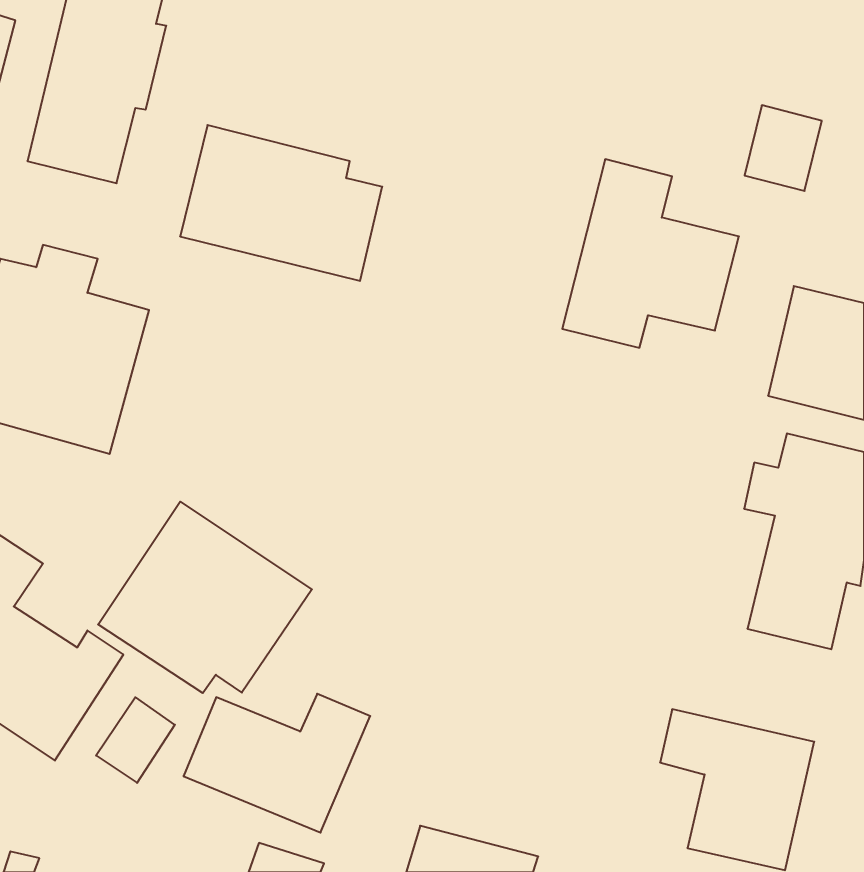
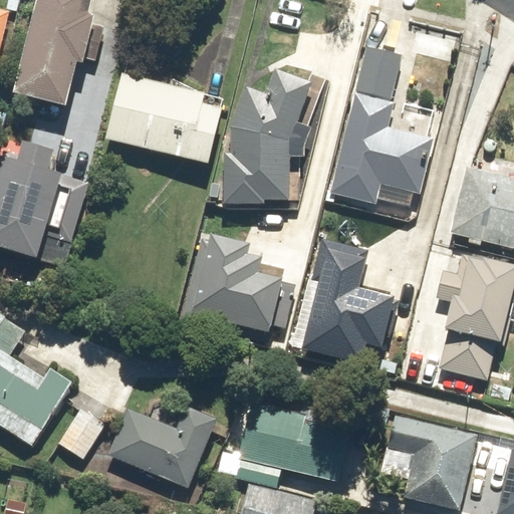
building: [745,105,822,191] -> [354,47,400,97]
building: none -> [220,69,312,201]
building: none -> [172,231,281,333]
building: none -> [304,239,397,365]
building: [98,502,312,693] -> none
building: none -> [237,402,349,480]

